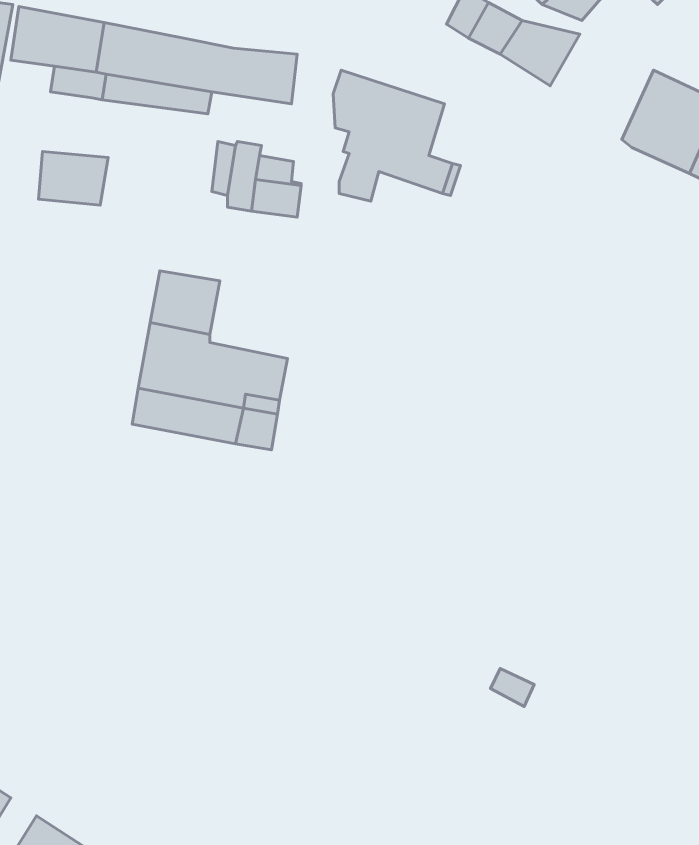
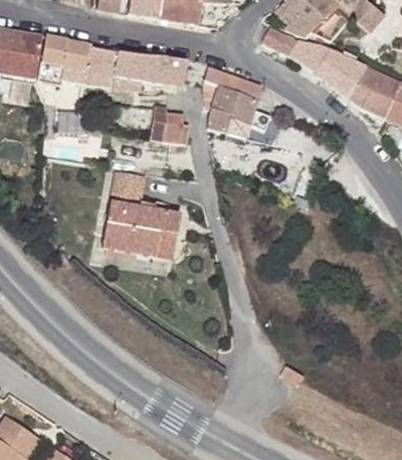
building: none -> [315,49,367,103]

